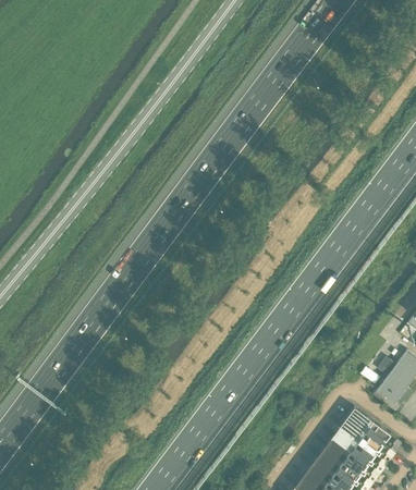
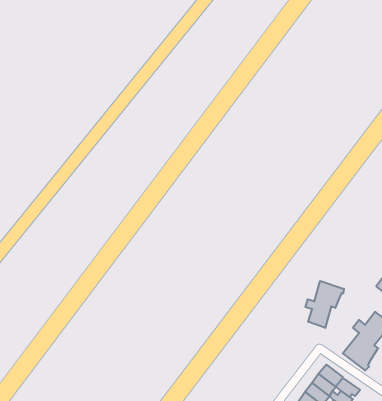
building: none -> [305,281,344,328]

